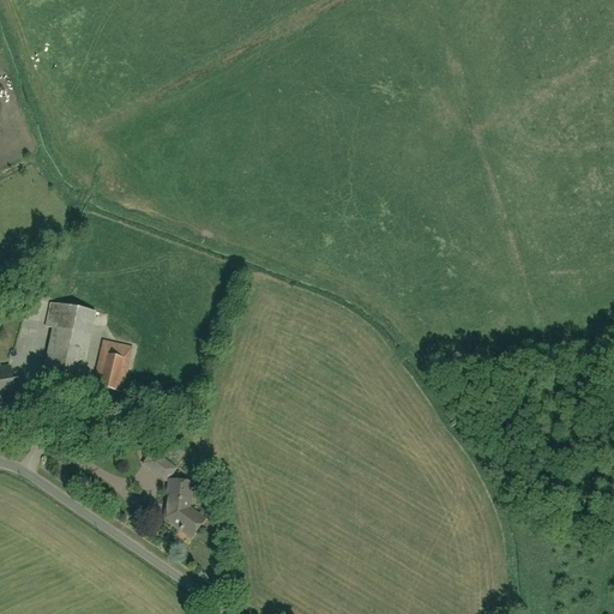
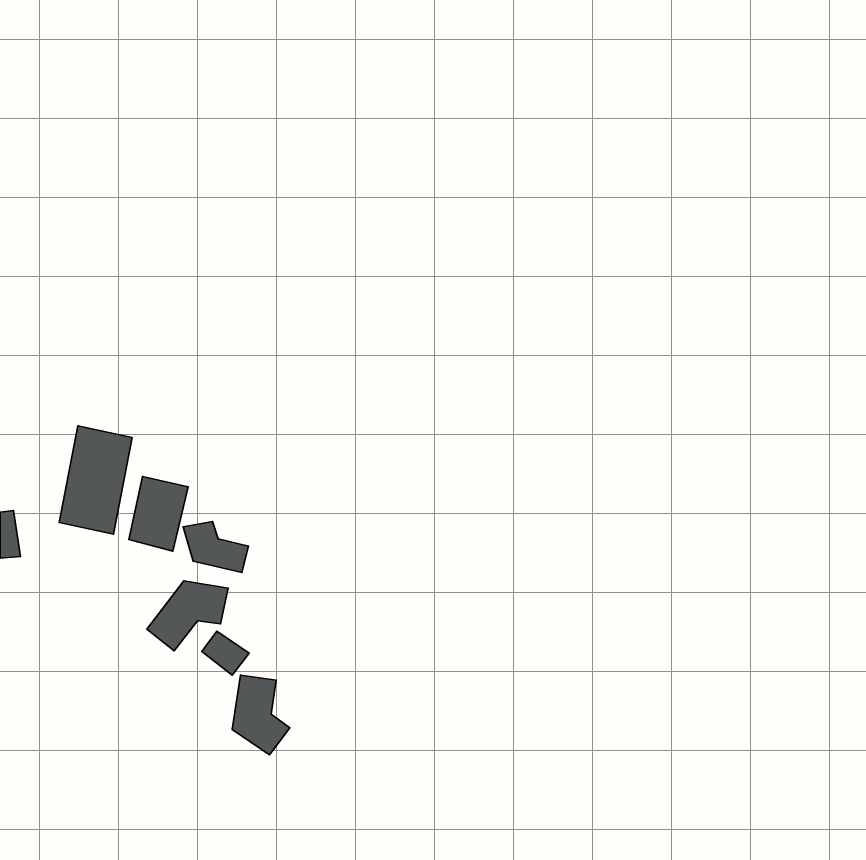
building: none -> [183,522,249,573]
building: none -> [147,581,228,651]

